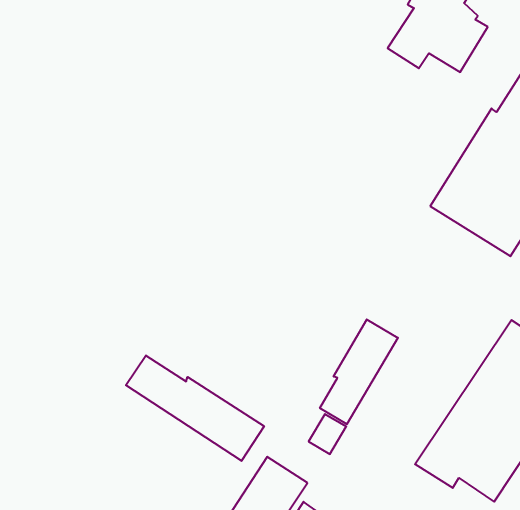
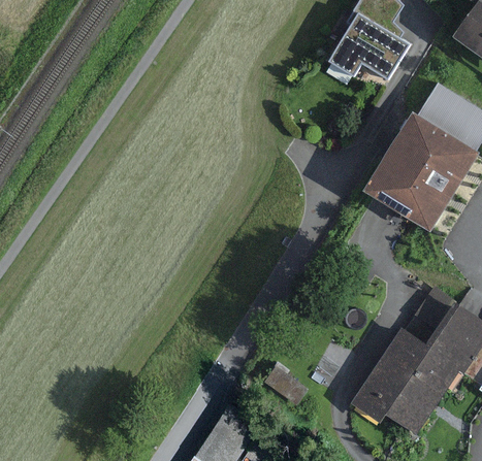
building: [320,319,398,424] -> none
building: [126,355,264,461] -> none

